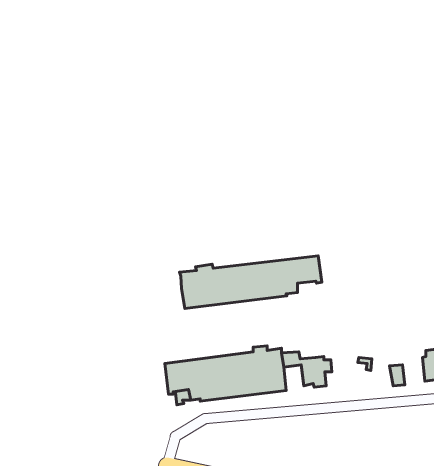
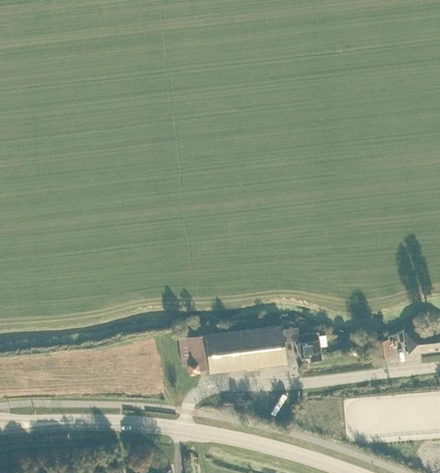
building: [180,256,322,308] -> none

